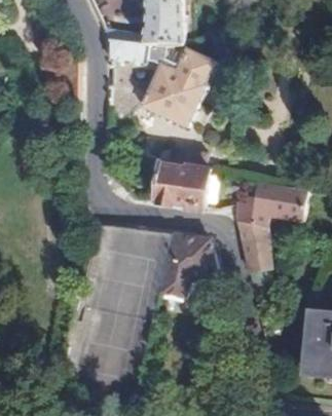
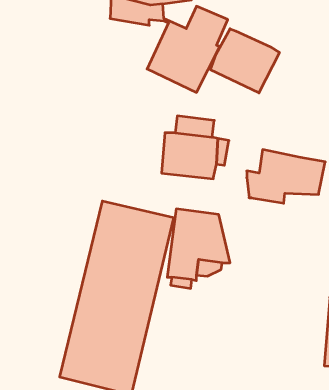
building: none -> [211,29,279,93]
building: [237,223,273,303] -> none

